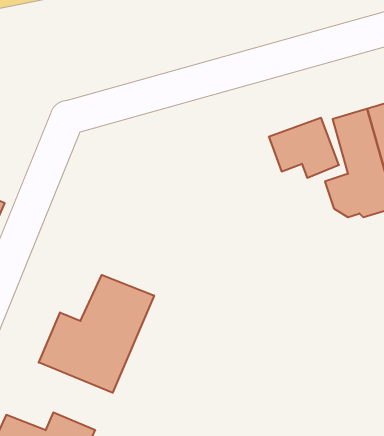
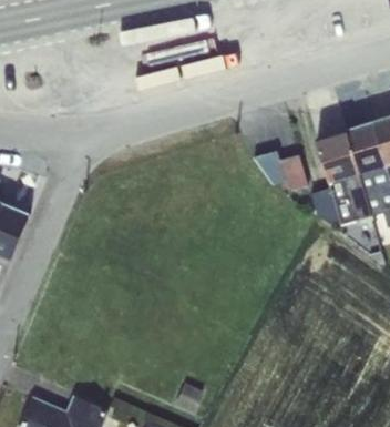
building: [39,275,154,393] -> none

